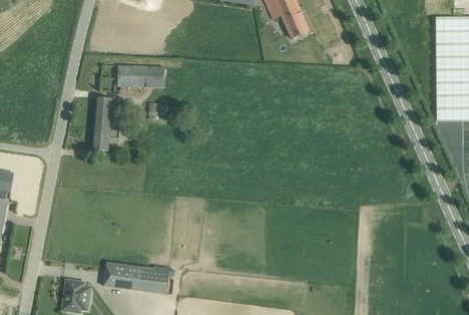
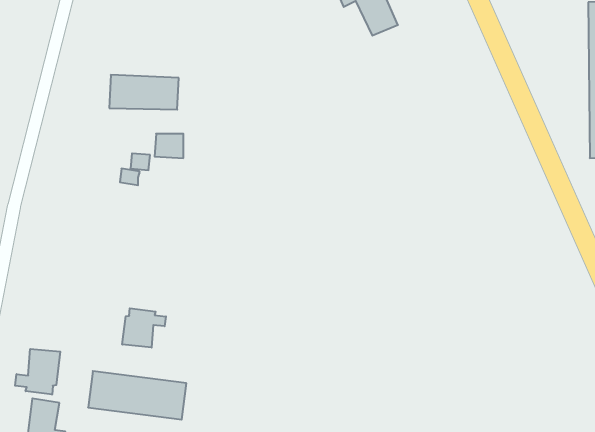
building: [91,97,121,150] -> none
building: none -> [122,308,166,348]
building: none -> [15,349,60,395]

